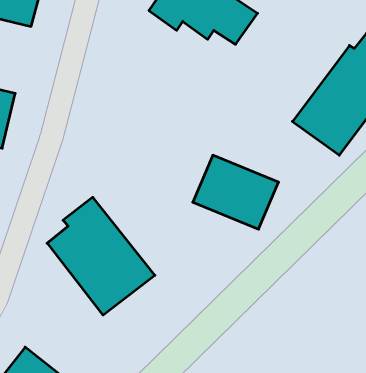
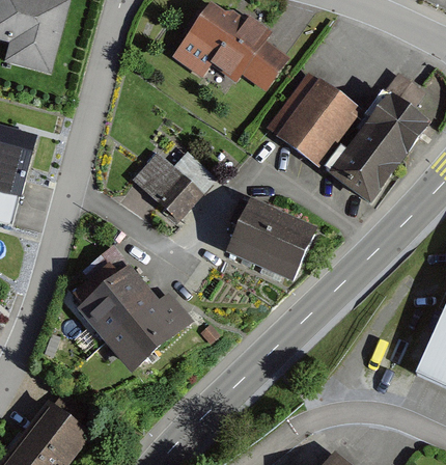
building: none -> [272,76,356,162]
building: none -> [136,154,219,221]

